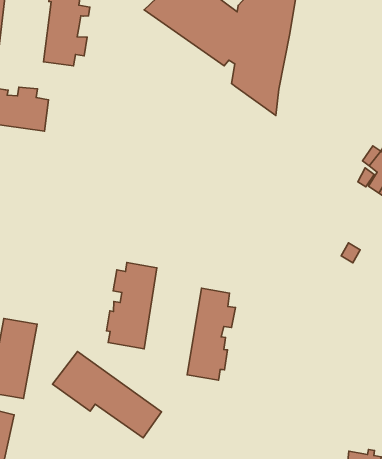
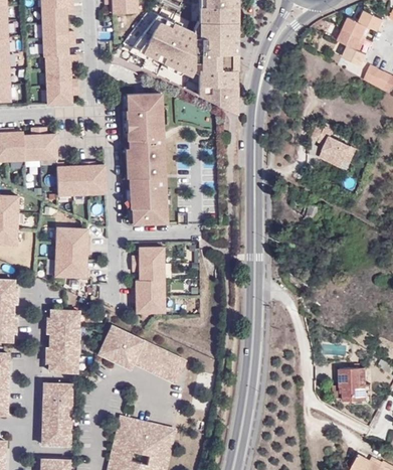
building: none -> [127,93,167,222]
building: none -> [57,161,107,194]
building: none -> [55,226,90,277]
building: [187,288,236,380] -> none

